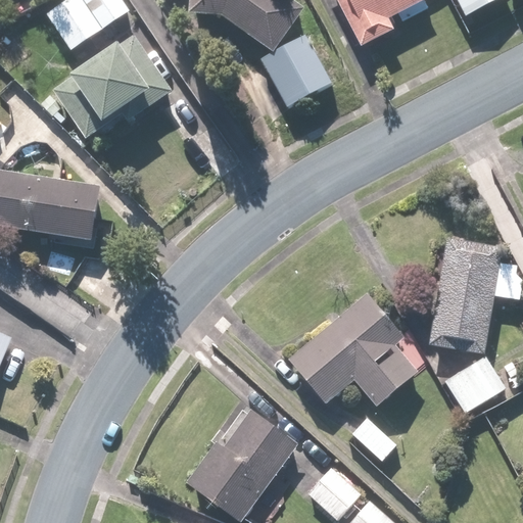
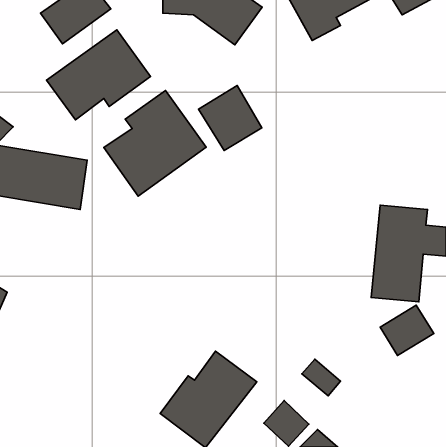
building: [259,34,333,109] -> [199,85,262,151]
building: none -> [104,91,206,196]
building: [288,291,419,405] -> none

